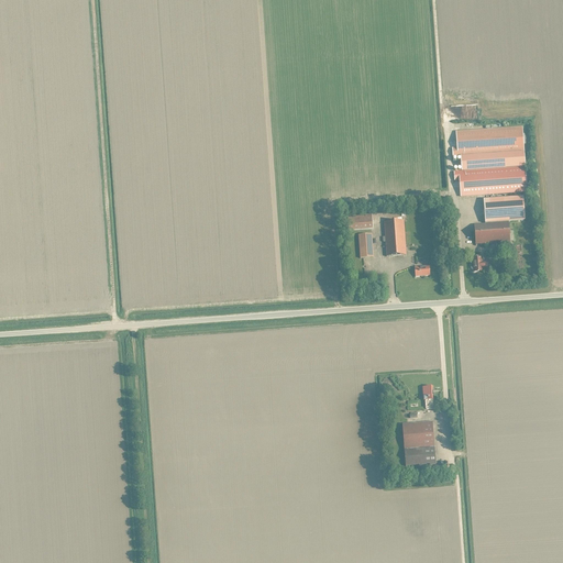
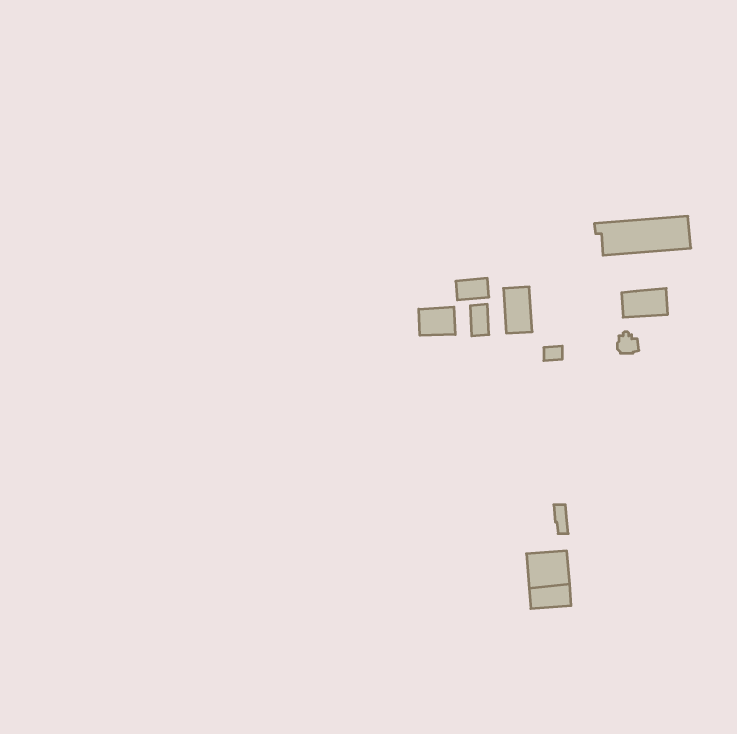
building: [452,125,523,155] -> none
building: [483,196,523,222] -> none
building: none -> [419,307,455,335]

